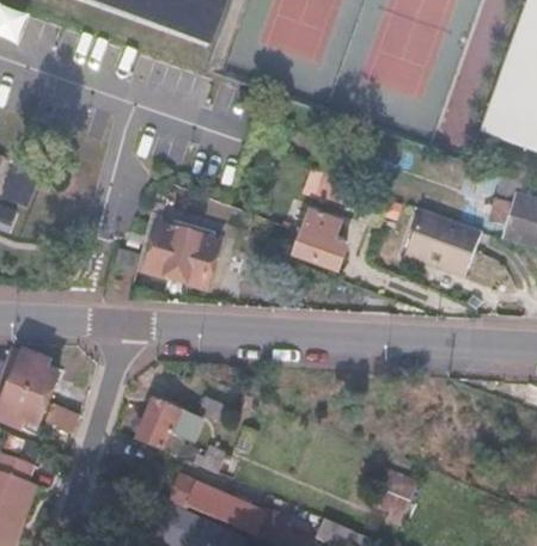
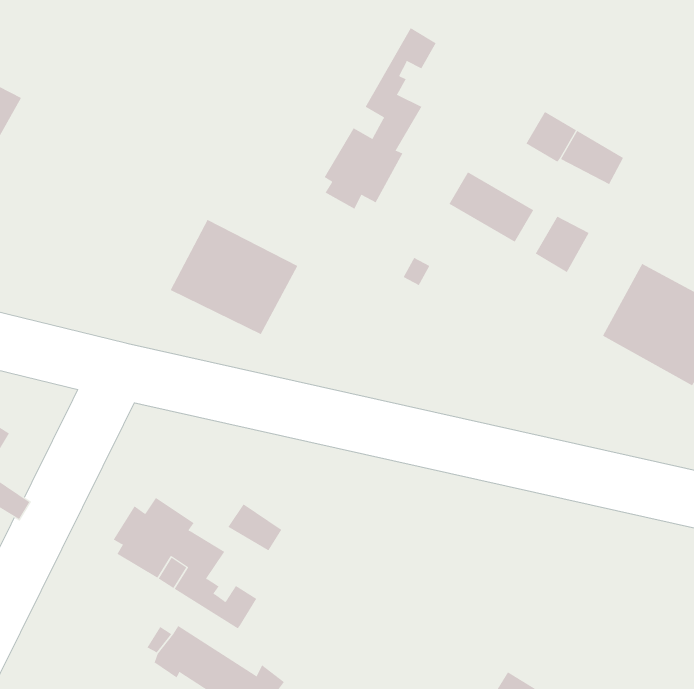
building: none -> [324,28,437,210]
building: [294,211,344,270] -> none

